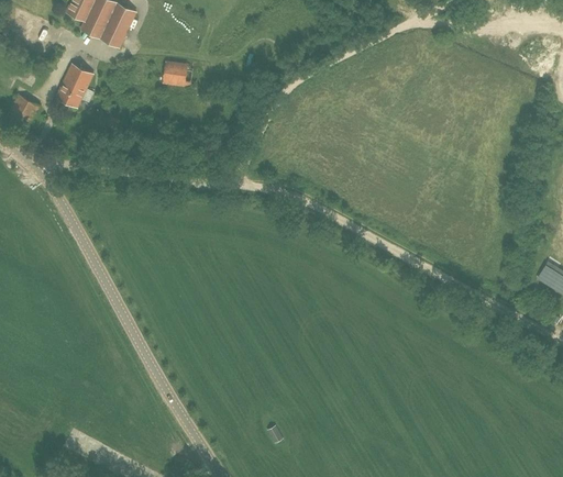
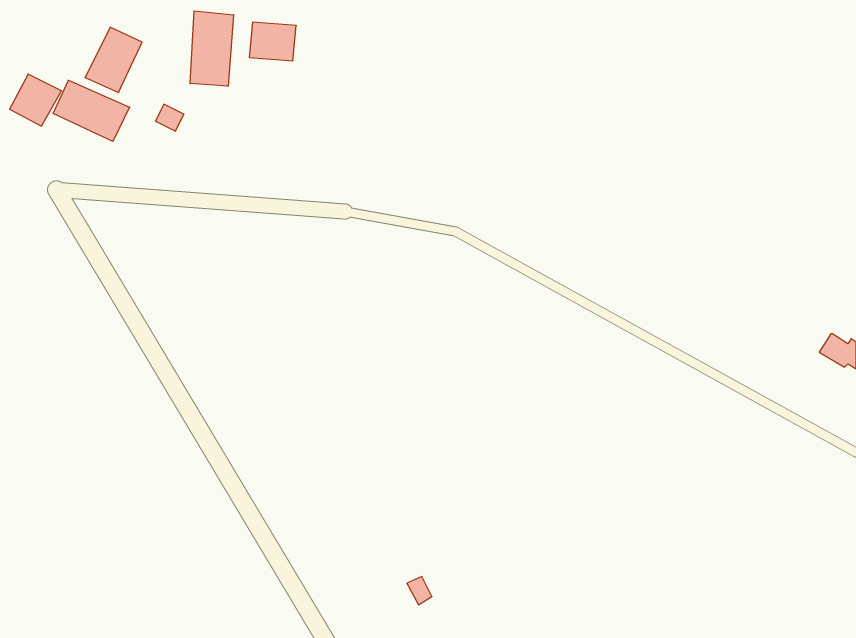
building: none -> [190,11,234,86]
building: none -> [53,80,130,141]

